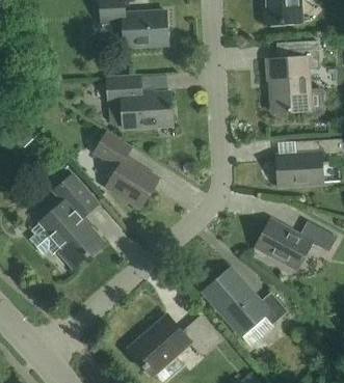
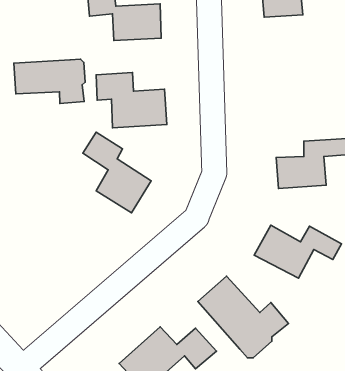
building: [267,40,324,114] -> none
building: none -> [14,59,85,103]
building: [29,174,102,267] -> none

